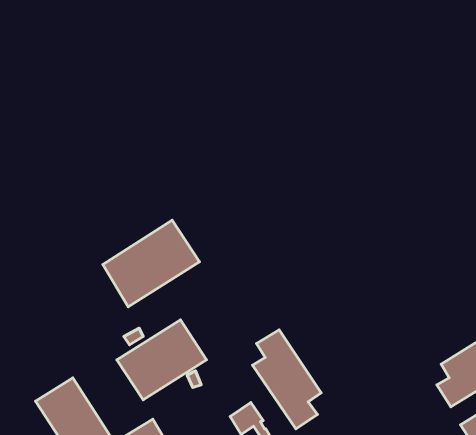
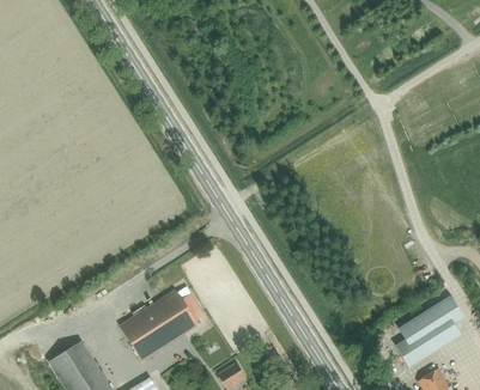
building: [103,220,199,307] -> none
building: [253,330,321,429] -> none

